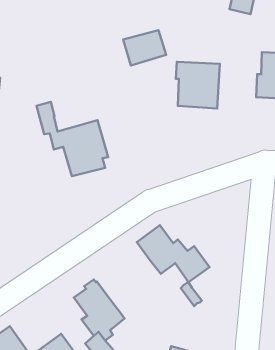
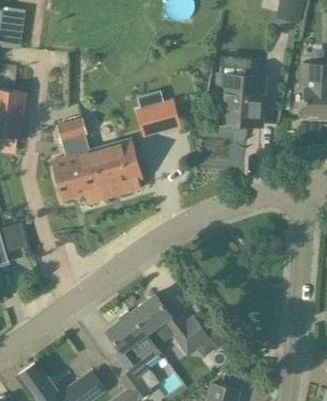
building: [123,30,166,65] -> [135,99,181,138]
building: none -> [51,122,105,204]
building: [137,225,209,282] -> [131,294,210,356]

